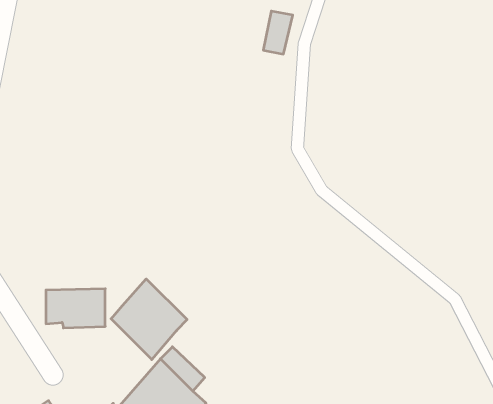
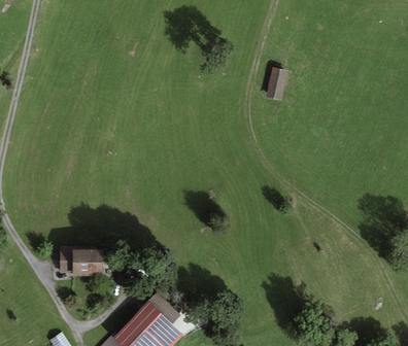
building: [263,11,293,54] -> [268,67,291,100]
building: [111,279,187,360] -> none

